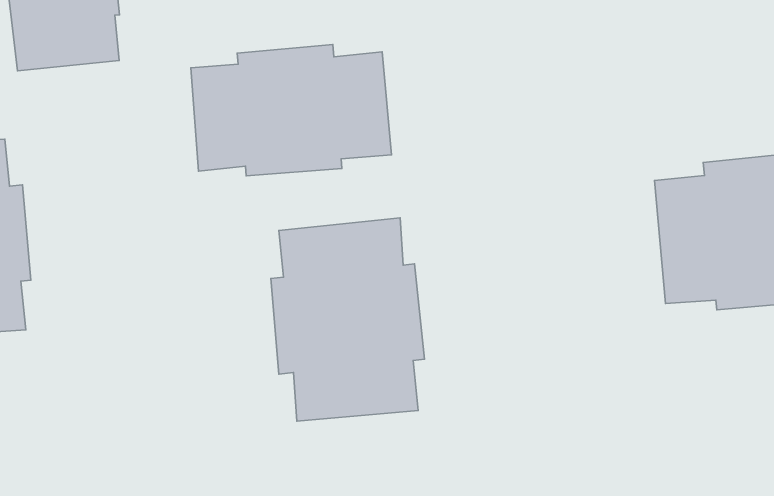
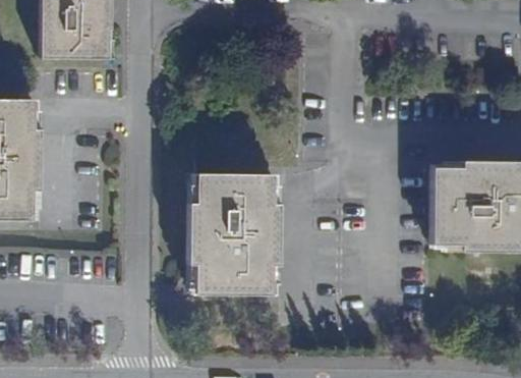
building: [191,44,391,176] -> none

